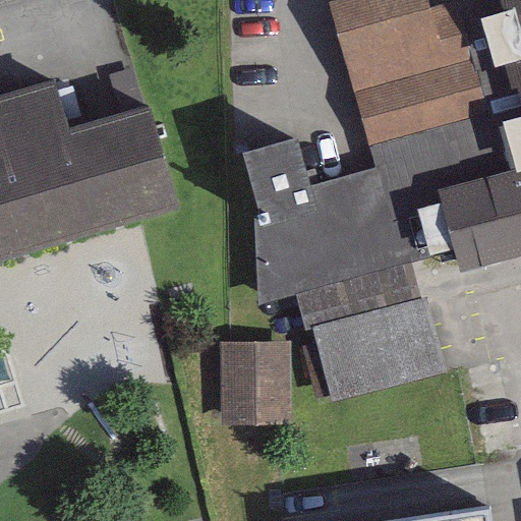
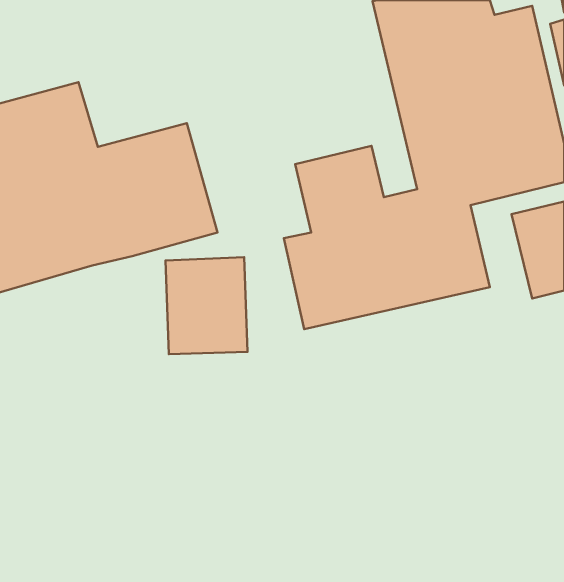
building: [310,285,445,398] -> none
building: [213,322,286,408] -> [165,257,247,354]

